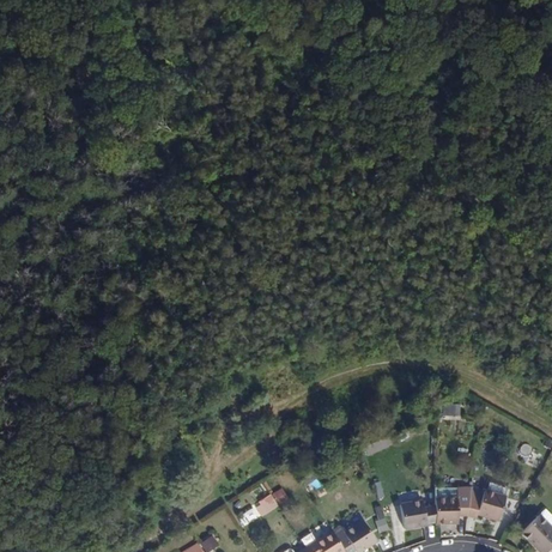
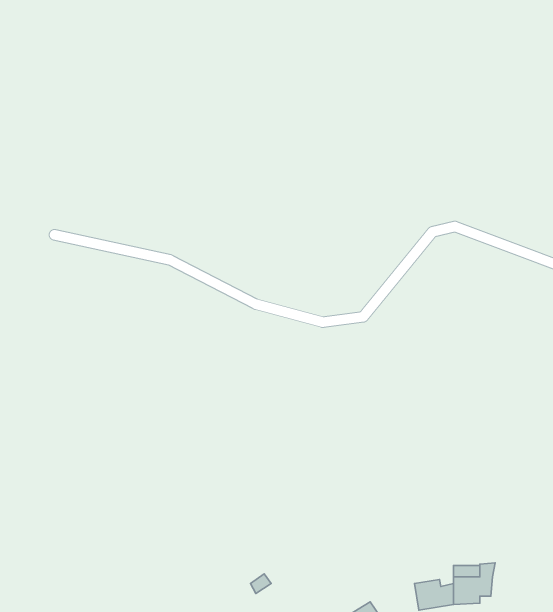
building: [467,491,505,517] -> none

